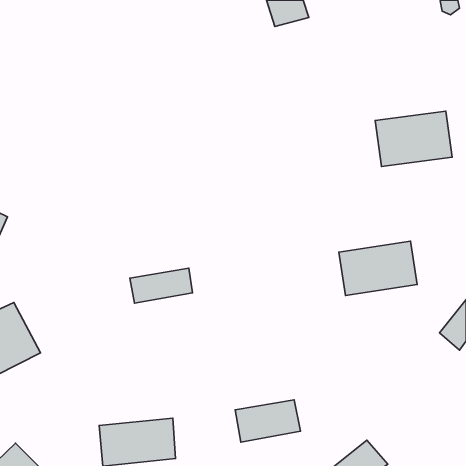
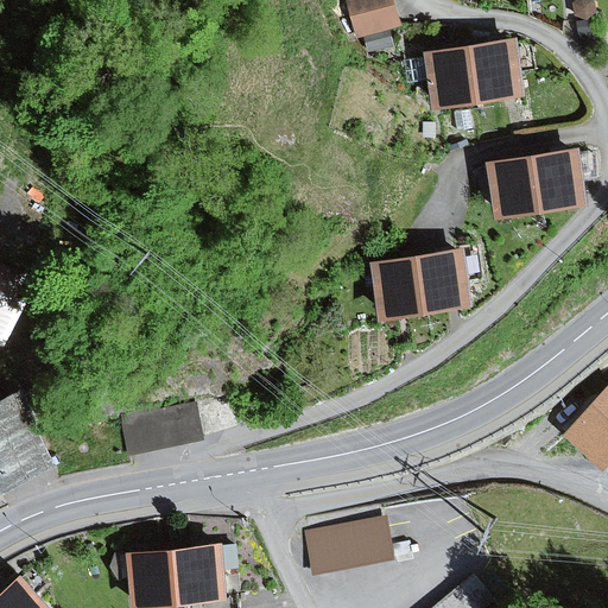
building: none -> [426,38,525,104]
building: [339,241,417,296] -> [366,247,467,317]
building: [130,268,192,303] -> [119,408,200,454]

